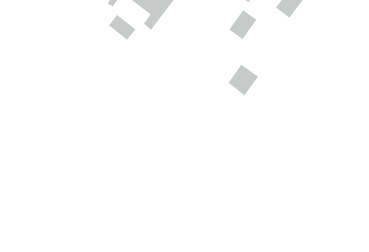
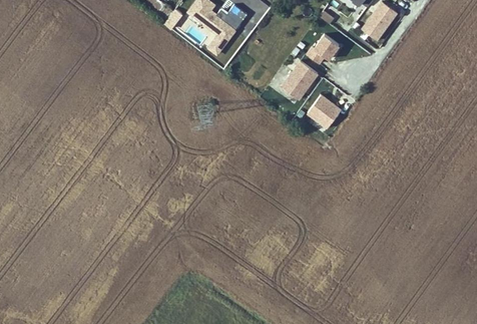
building: [108,14,136,41] -> none
building: none -> [271,59,319,105]

